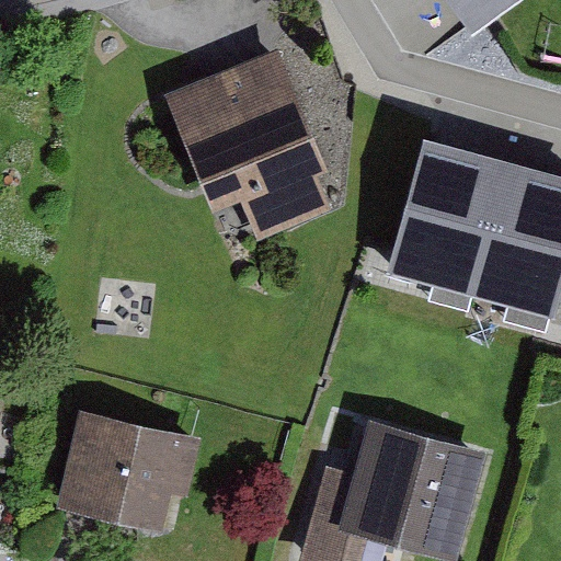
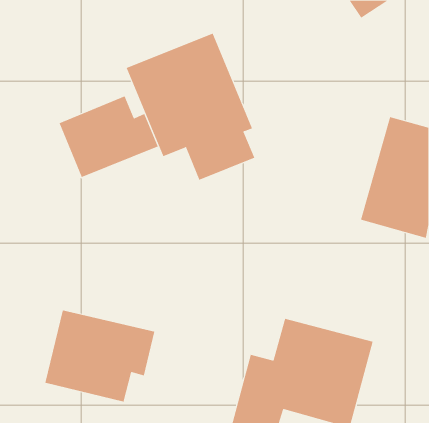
building: none -> [59,96,159,178]
building: [385,136,508,295] -> none

